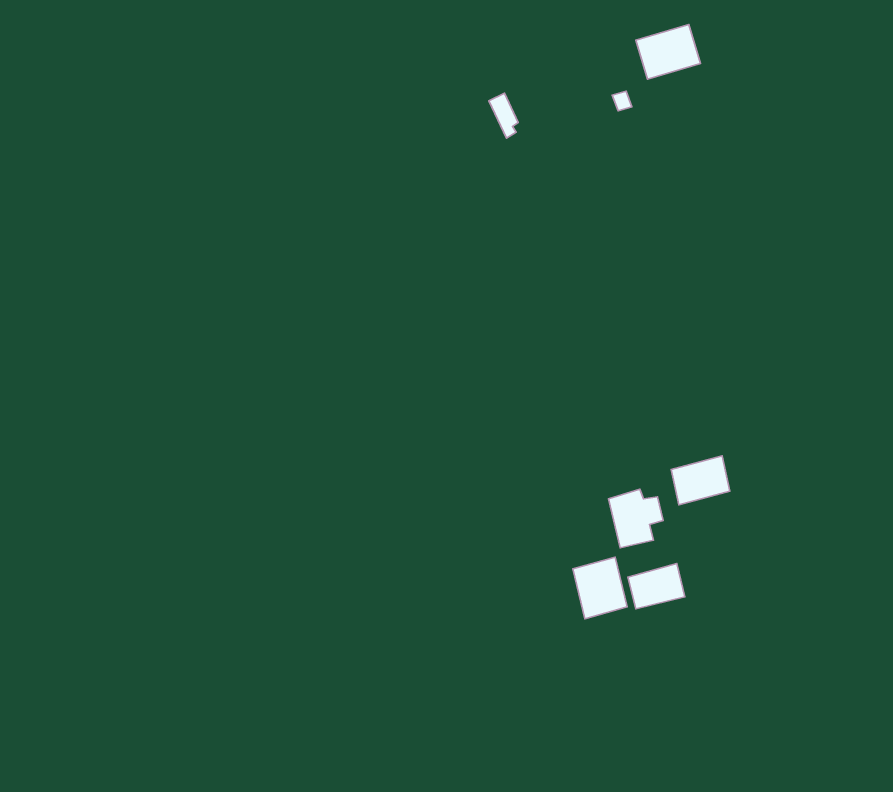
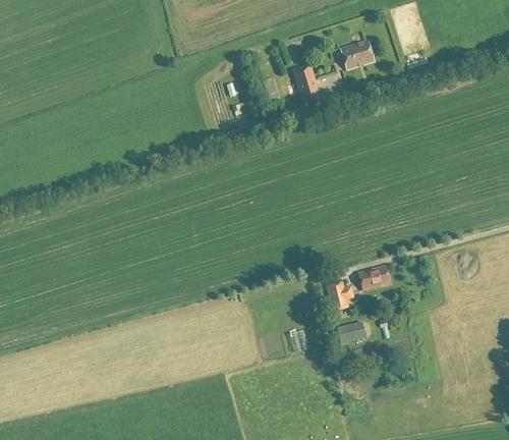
building: none -> [294,67,321,103]
building: [573,557,627,619] -> none

